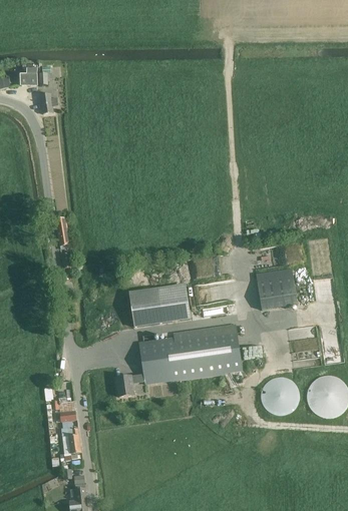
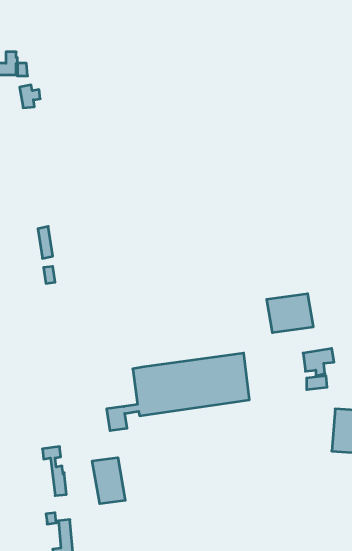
building: [128,282,190,327] -> none
building: [267,379,294,412] -> none
building: none -> [92,458,125,504]

